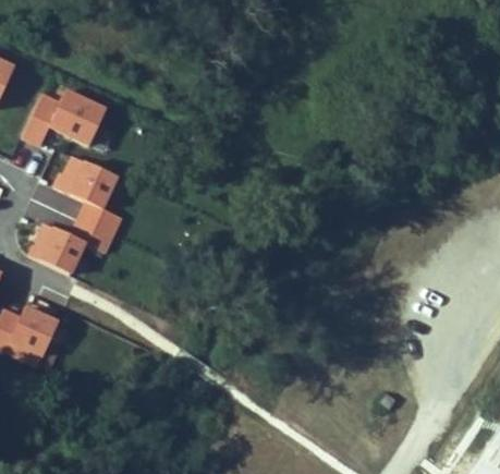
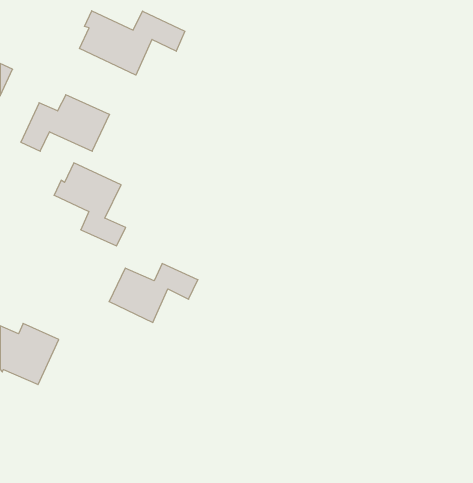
building: none -> [80,11,185,75]
building: [28,218,112,274] -> [109,264,198,322]

